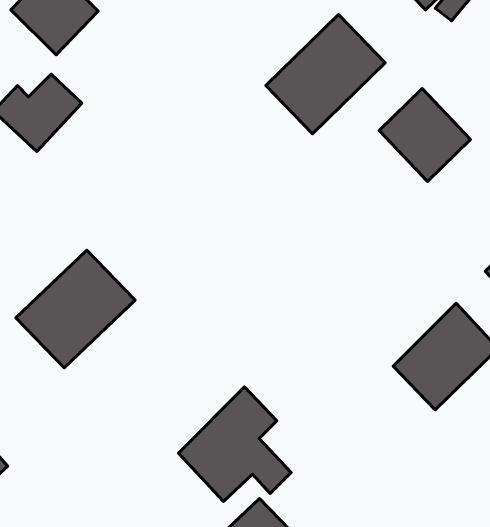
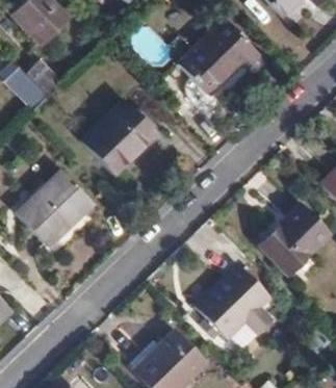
building: [379,89,470,181] -> none
building: none -> [81,99,158,174]
building: [178,387,291,501] -> [198,263,270,337]

